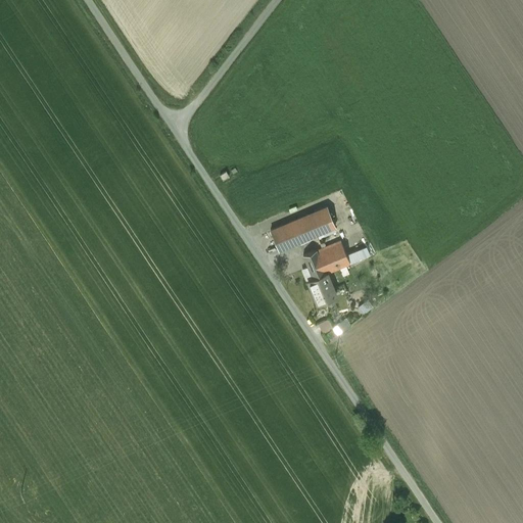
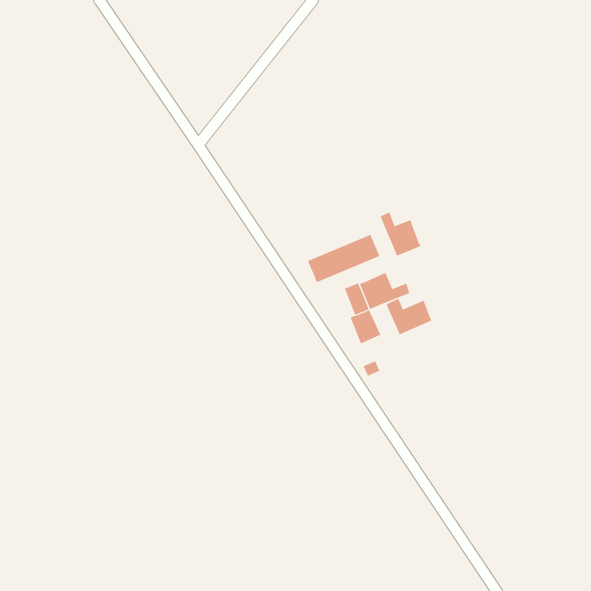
building: none -> [380,212,421,256]
building: none -> [386,298,432,335]

